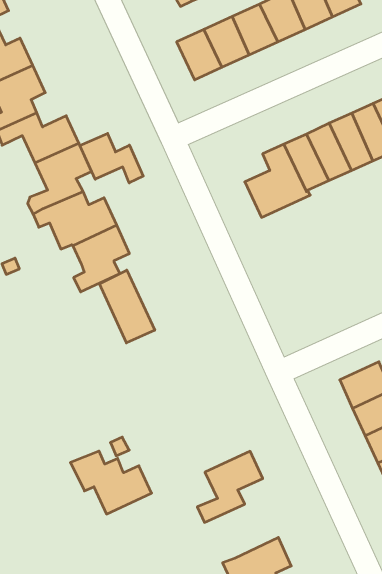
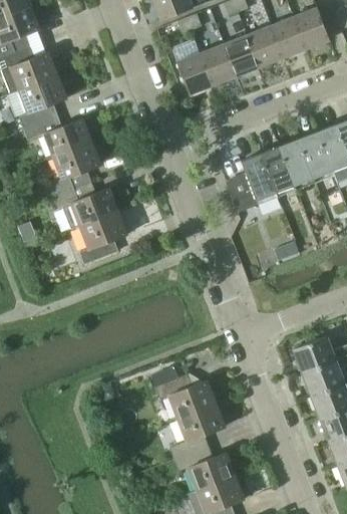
building: [80,133,143,183] -> none
building: [99,270,155,343] -> none
building: [70,451,152,514] -> [150,366,216,419]
building: none -> [175,447,235,491]

